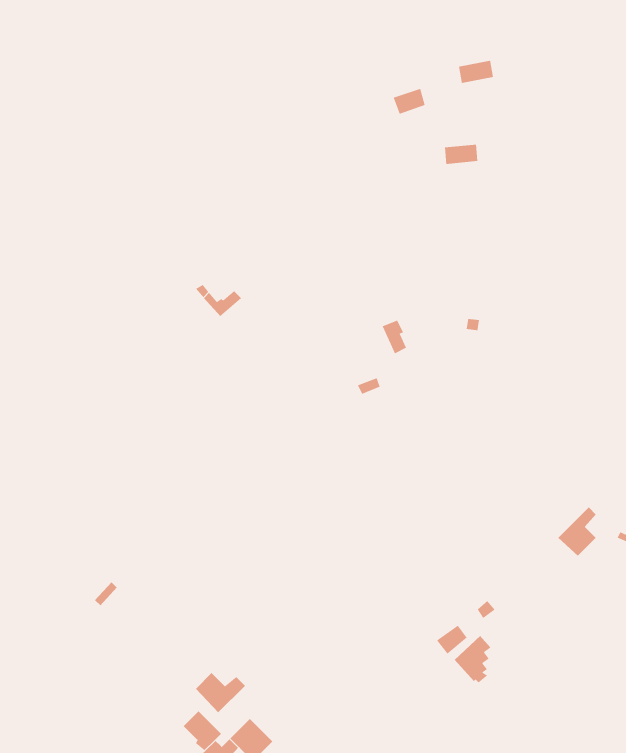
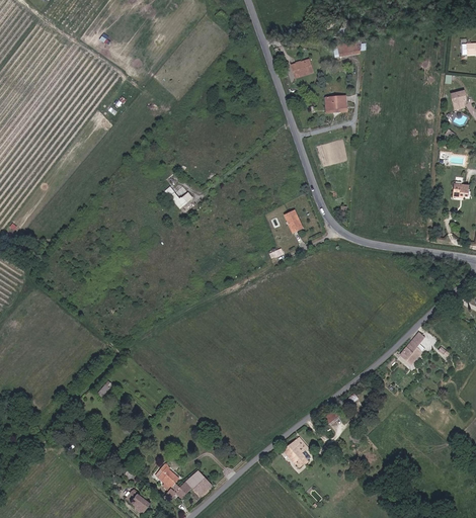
building: [454,635,491,683] -> [283,435,307,466]
building: [195,672,246,713] -> none

